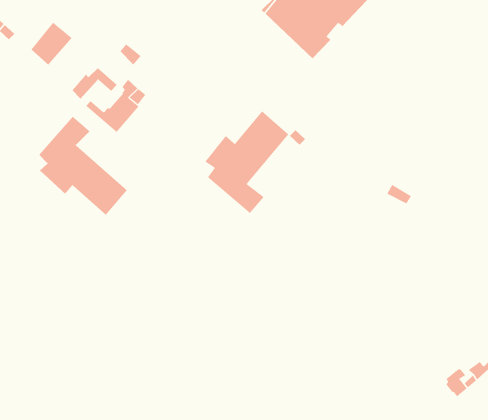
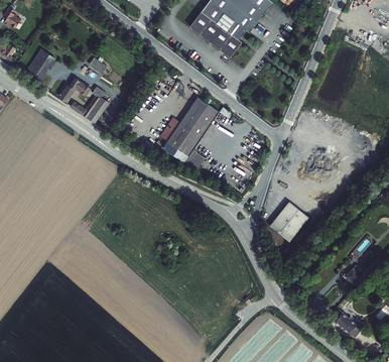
building: [39,116,127,215] -> none
building: none -> [268,202,307,242]

